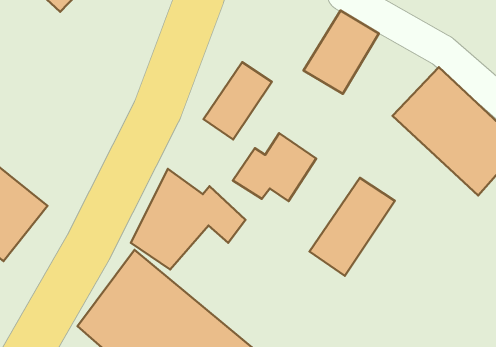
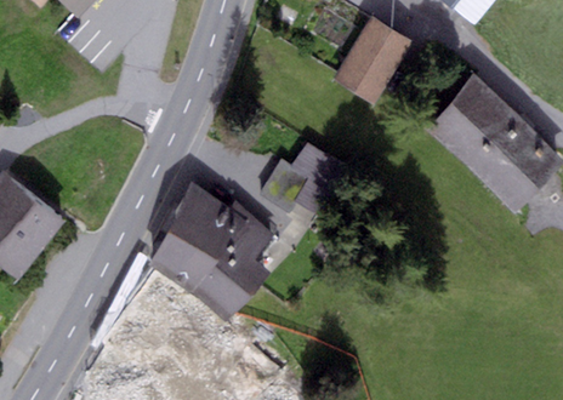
building: [204,62,272,140] -> none
building: [310,178,395,276] -> none
building: none -> [194,242,269,319]

